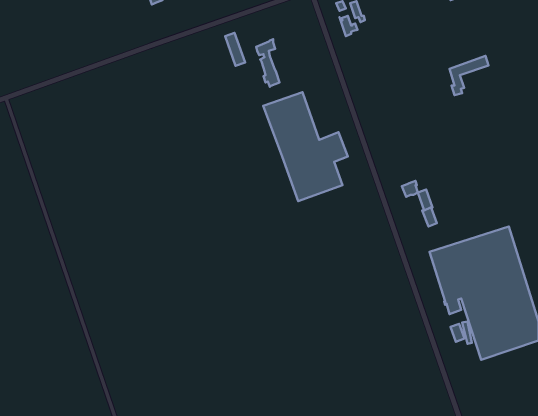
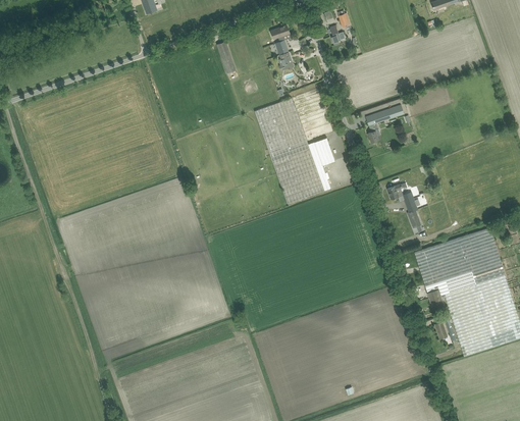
building: [256,39,279,87] -> [271,22,294,68]
building: [449,56,489,95] -> [366,103,404,141]

